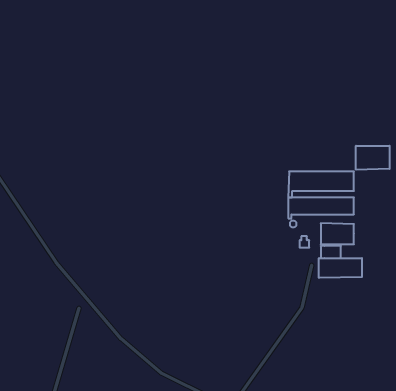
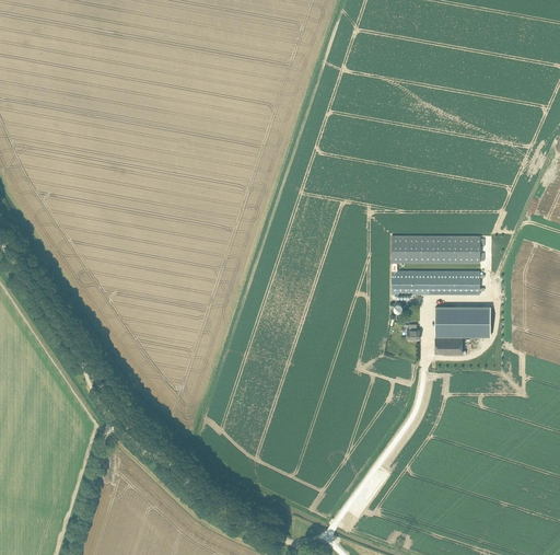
building: [356,146,390,170] -> none
building: [319,258,362,278] -> none

